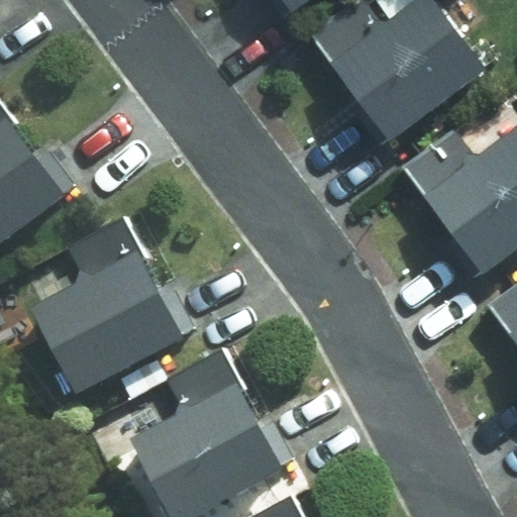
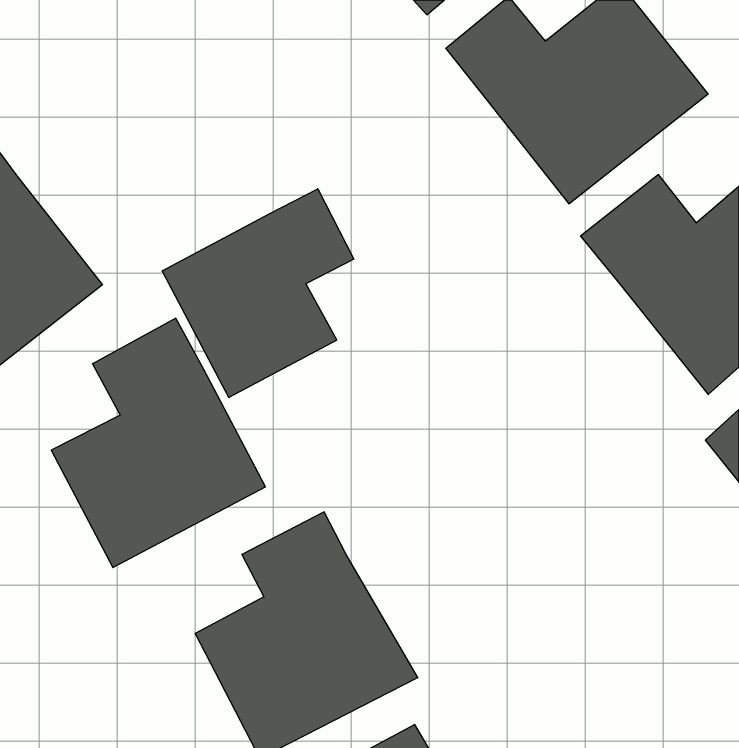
building: none -> [162,189,354,398]

